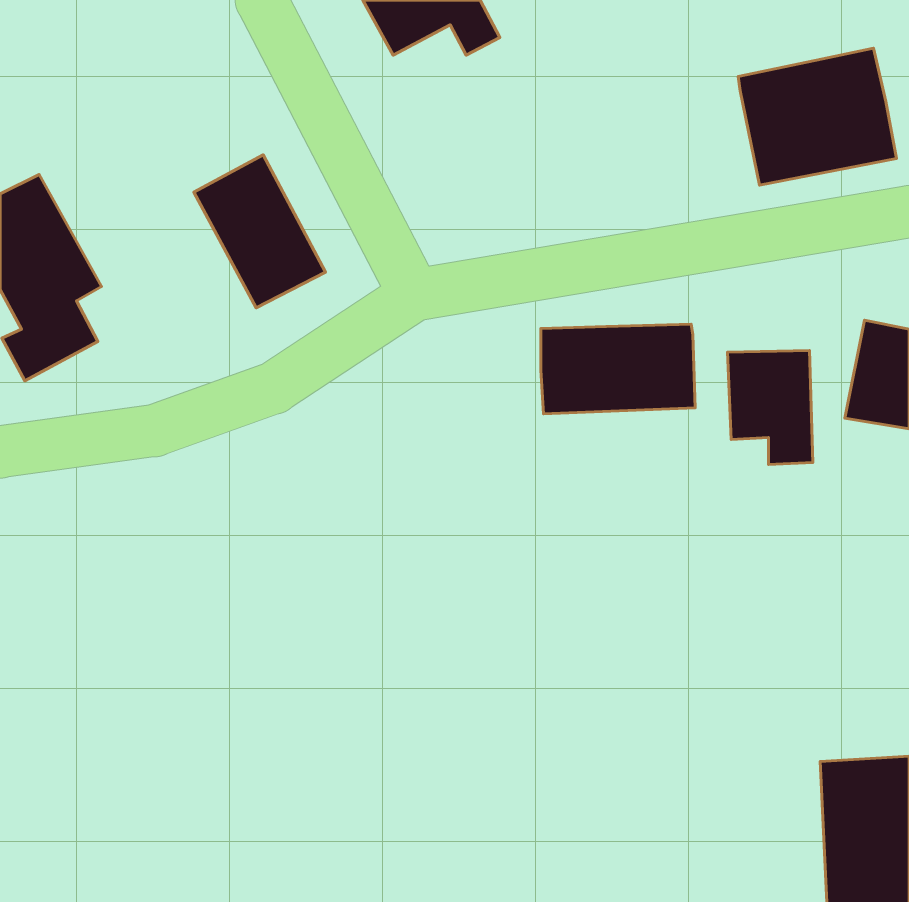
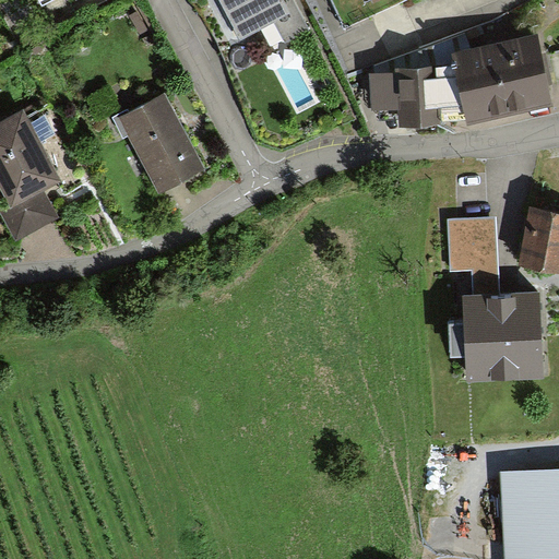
building: none -> [372,60,466,120]
building: [541,324,695,414] -> none
building: none -> [451,286,545,378]

